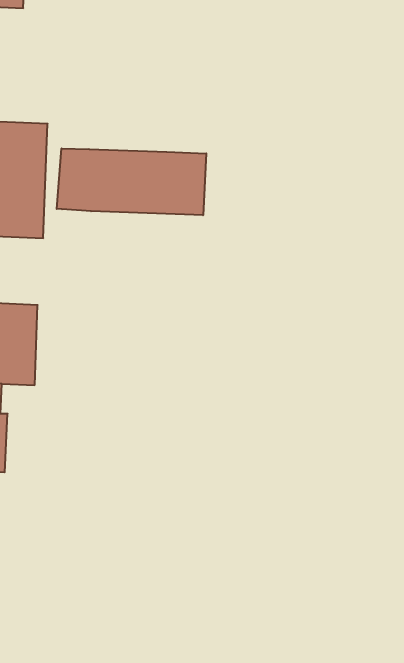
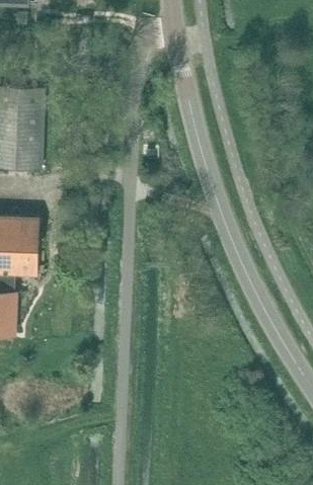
building: [57,148,206,215] -> none

